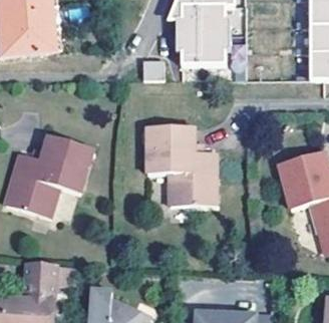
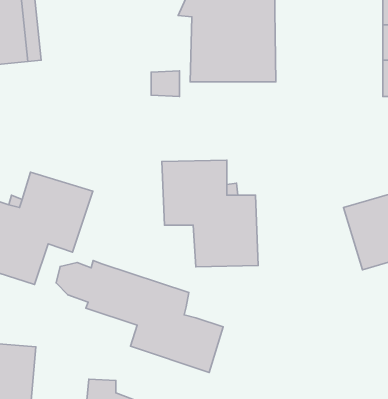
building: none -> [56,261,223,372]

